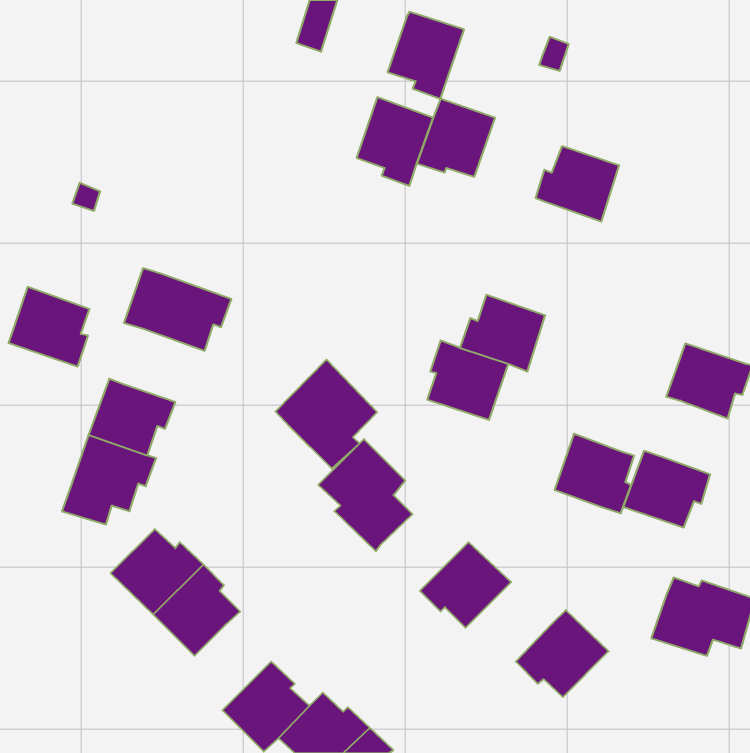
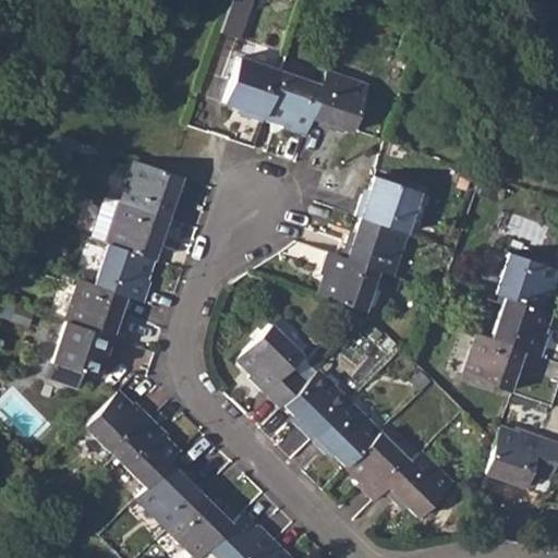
building: [388,12,464,99] -> [225,59,281,123]
building: [535,146,619,221] -> [356,178,418,233]
building: none -> [122,161,182,221]
building: [8,287,90,366] -> [94,243,154,302]
building: [275,360,377,469] -> none
building: [555,434,634,513] -> [492,296,550,355]
building: none -> [283,371,349,437]
building: none -> [347,430,411,499]
building: none -> [136,462,203,525]

